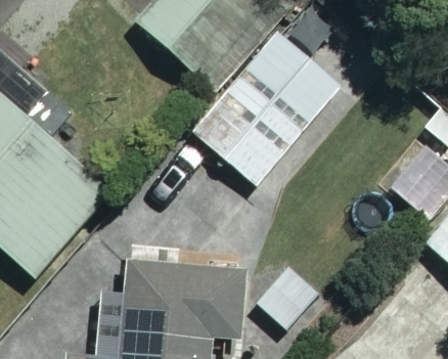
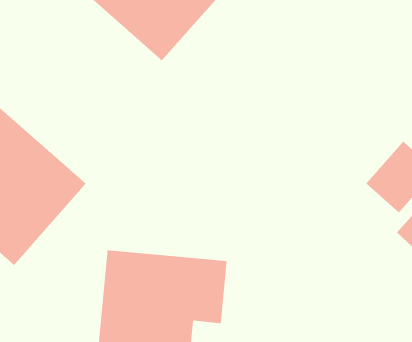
building: [193,29,343,185] -> none

